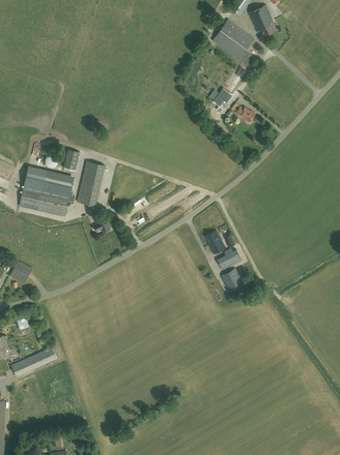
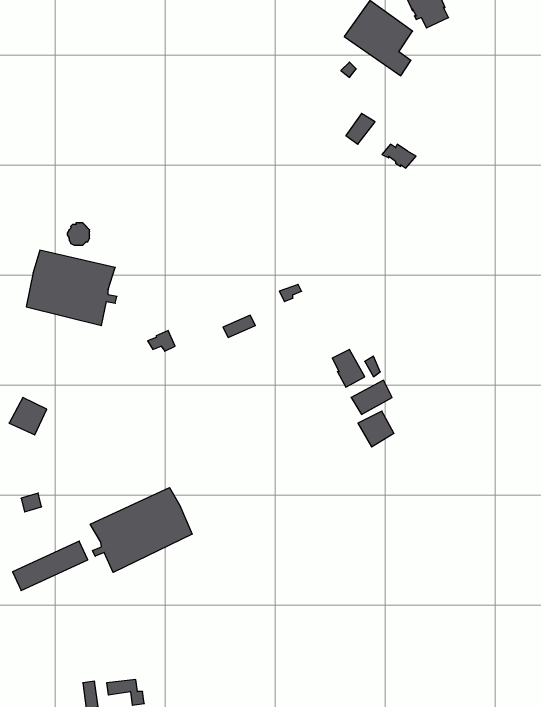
building: [78,159,105,205] -> none
building: none -> [90,488,192,572]

